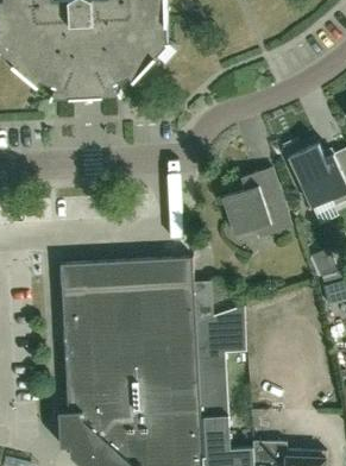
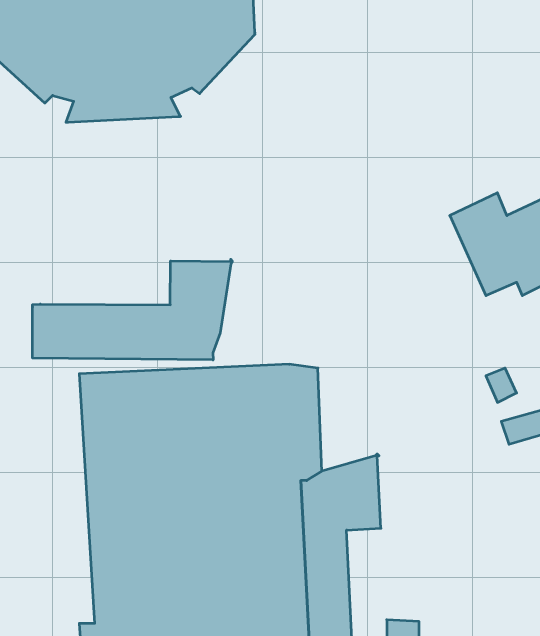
building: [224,181,291,238] -> none
building: none -> [33,259,232,360]

